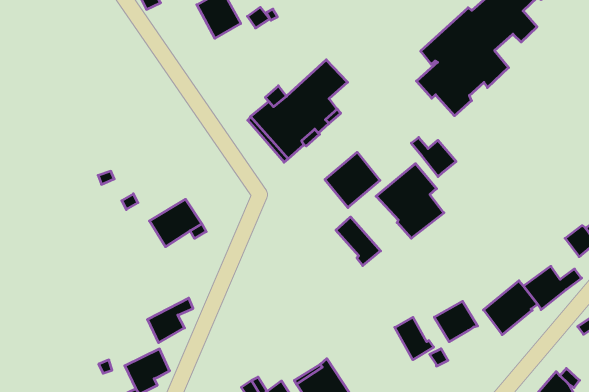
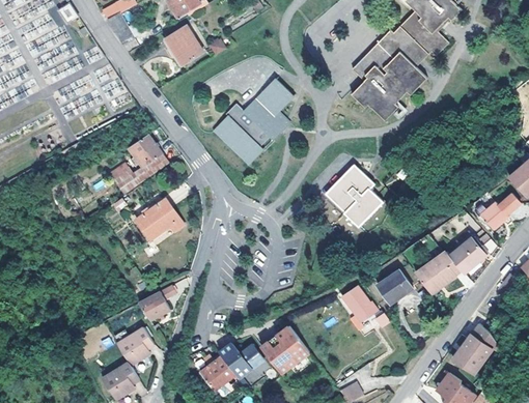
building: none -> [112,136,170,195]
building: [411,137,456,177] -> none
building: [325,152,380,208] -> none
building: [336,217,381,266] -> none

